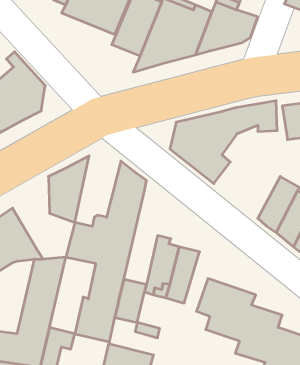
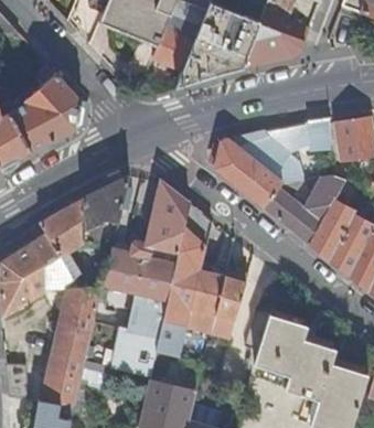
building: none -> [263,174,346,244]
building: none -> [40,199,85,278]
building: none -> [165,214,212,315]

